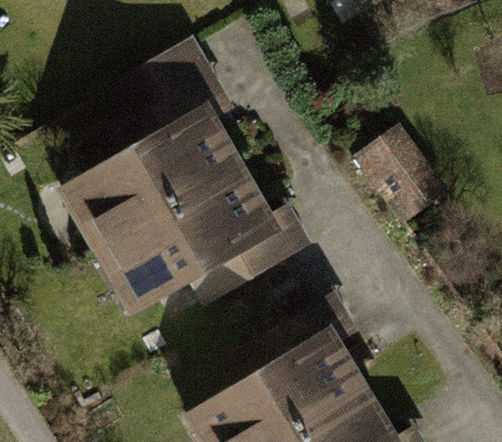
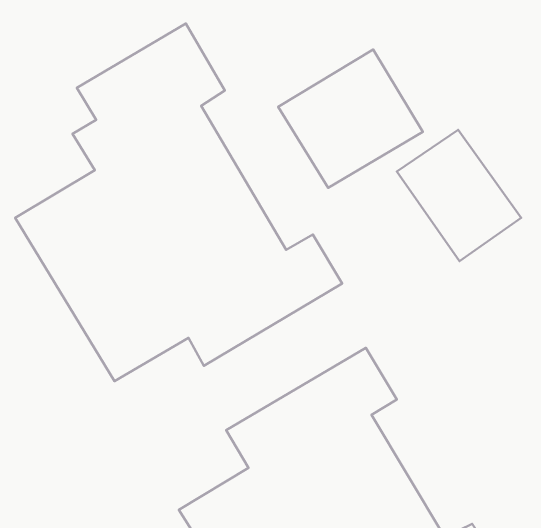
building: none -> [278,49,423,188]

